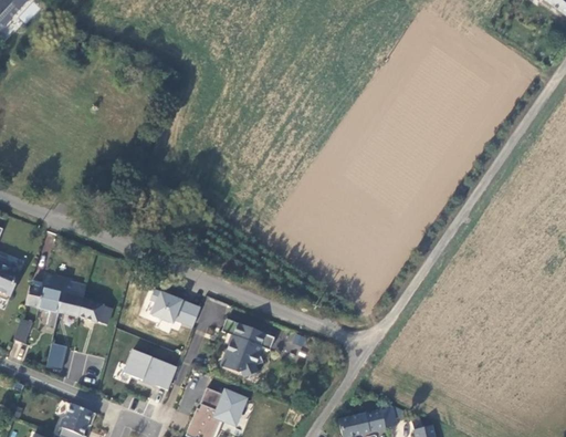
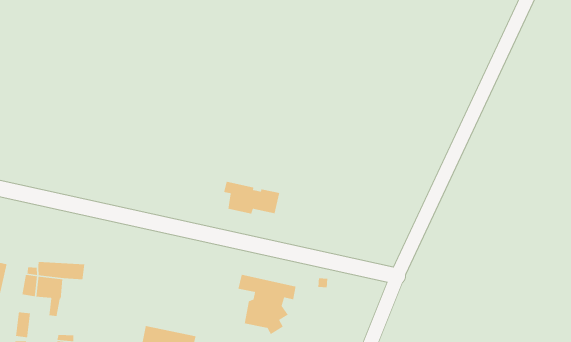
building: [149,289,200,326] -> [223,181,280,215]
building: [62,294,115,330] -> none

